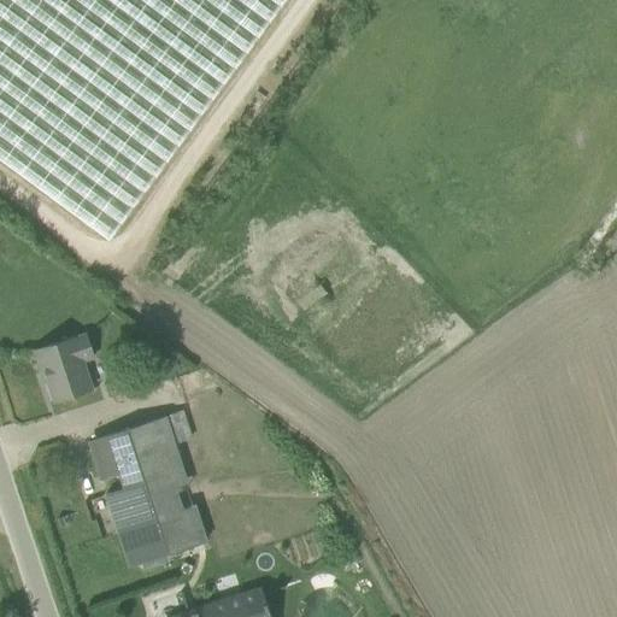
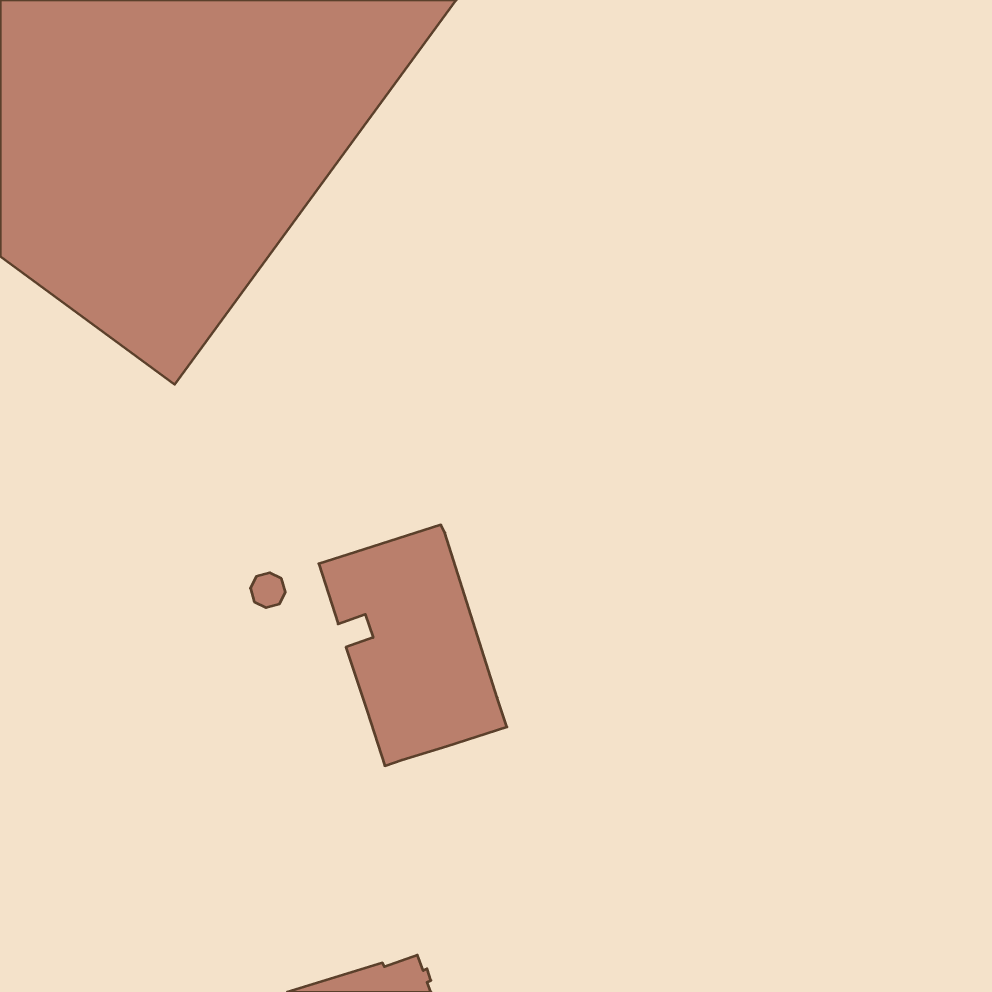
building: [34,334,94,402] -> none
building: [88,417,205,566] -> [319,525,507,766]

